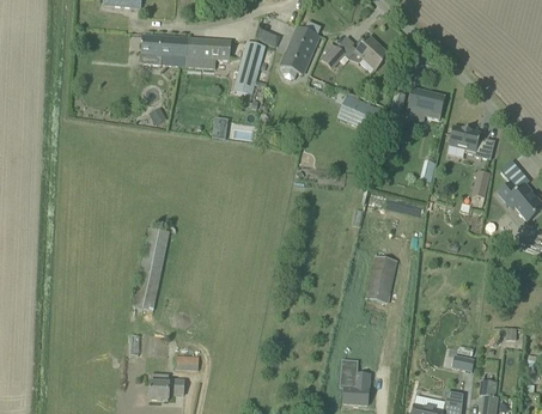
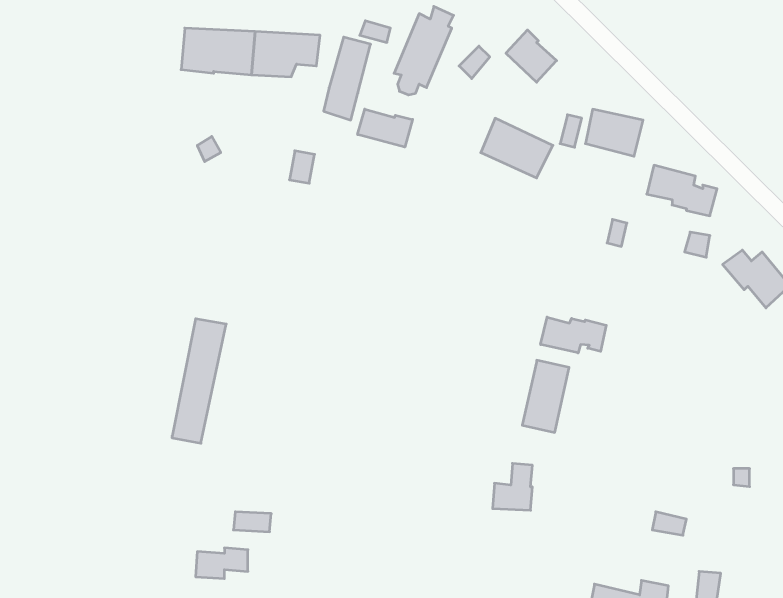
building: none -> [358,109,413,147]
building: none -> [541,317,606,353]
building: [342,372,369,403] -> [493,463,532,510]

